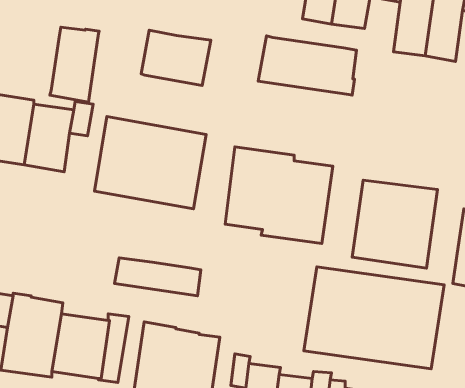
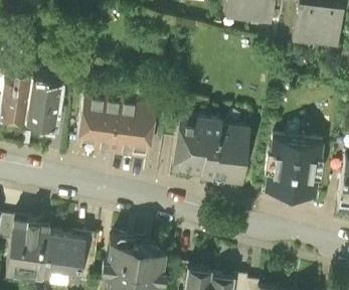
building: [50,27,99,102] -> none
building: [141,30,211,86] -> none
building: [258,36,357,95] -> none
building: [114,258,201,296] -> none
building: [304,267,444,369] -> none

